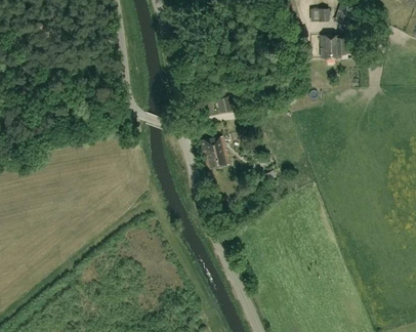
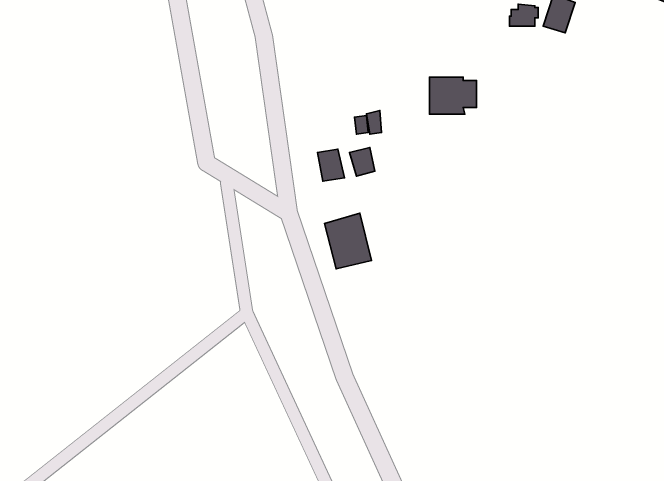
building: [320,38,348,60] -> [429,77,477,114]

